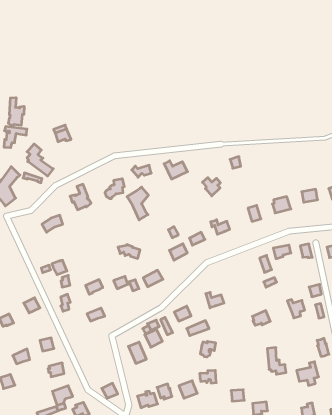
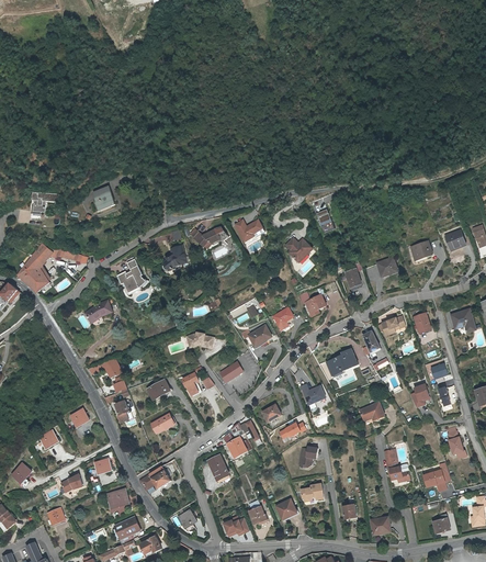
building: [8,98,24,126] -> none
building: [27,144,53,176] -> none
building: [127,187,148,220] -> none
building: none -> [325,348,359,376]
building: none -> [139,465,172,491]

